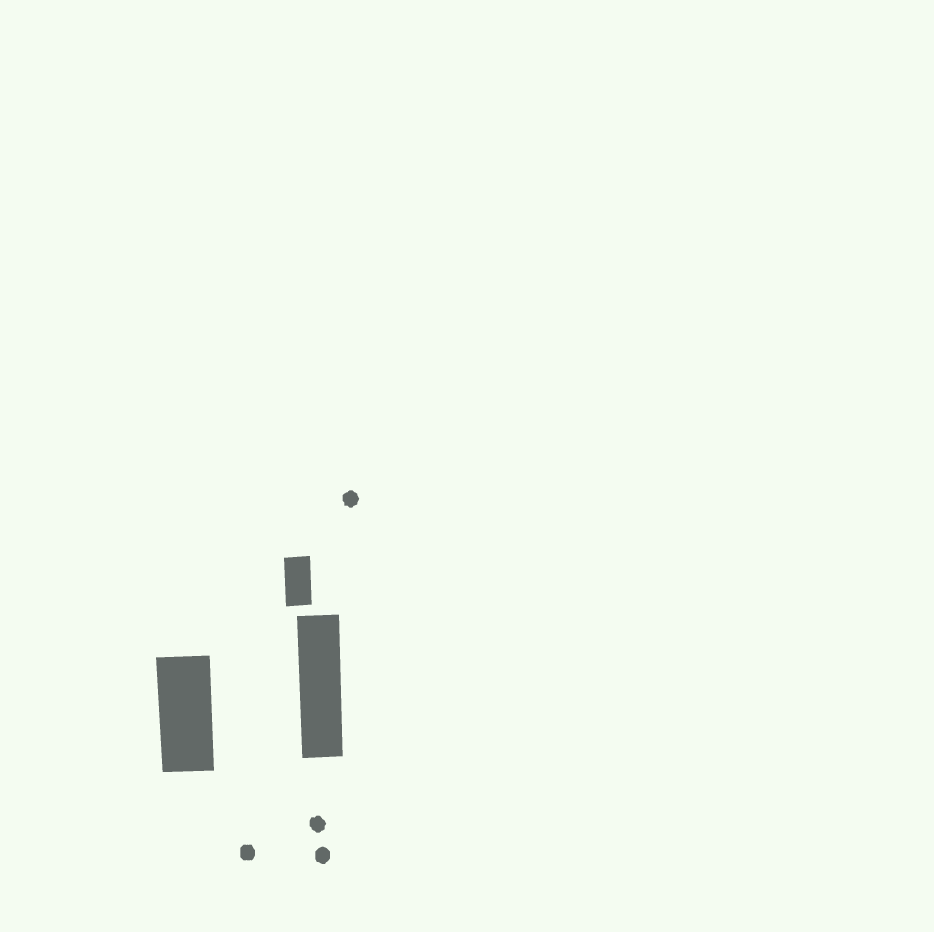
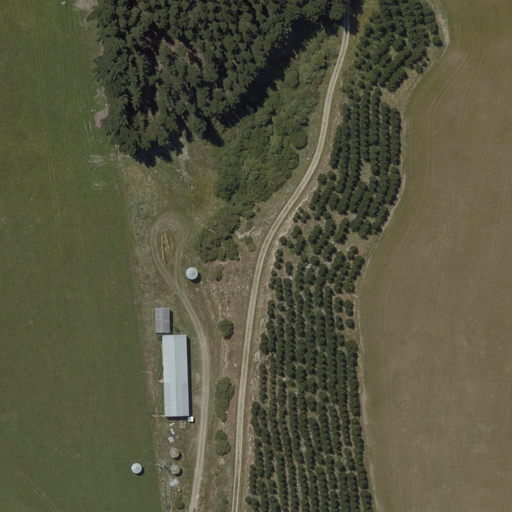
building: [156,655,215,773] -> none

